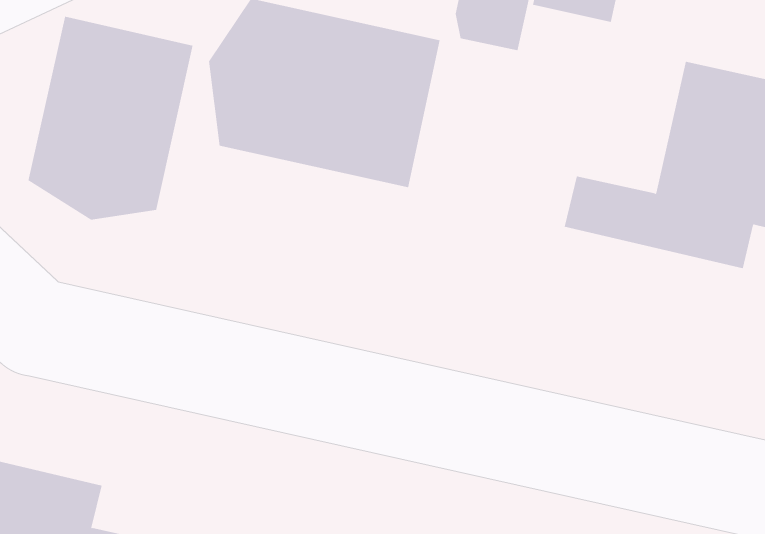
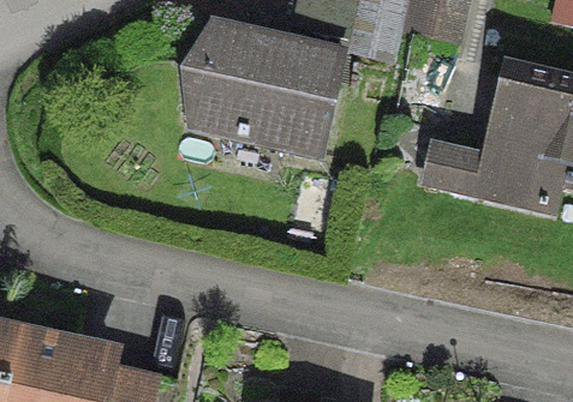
building: [28,16,193,220] -> none

